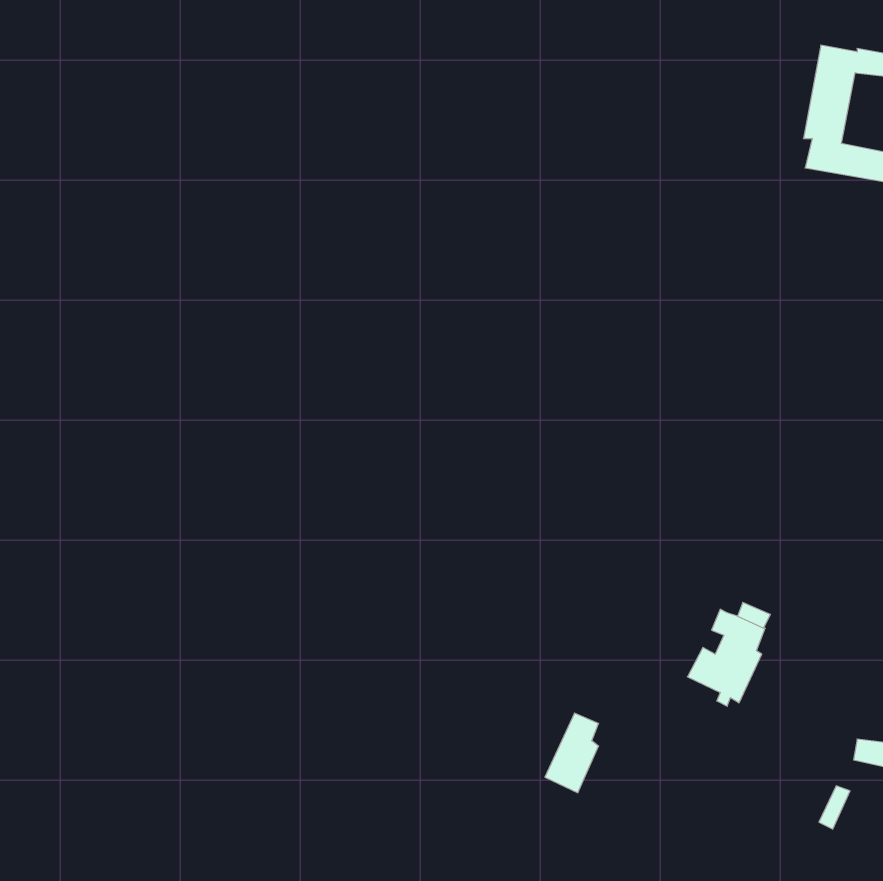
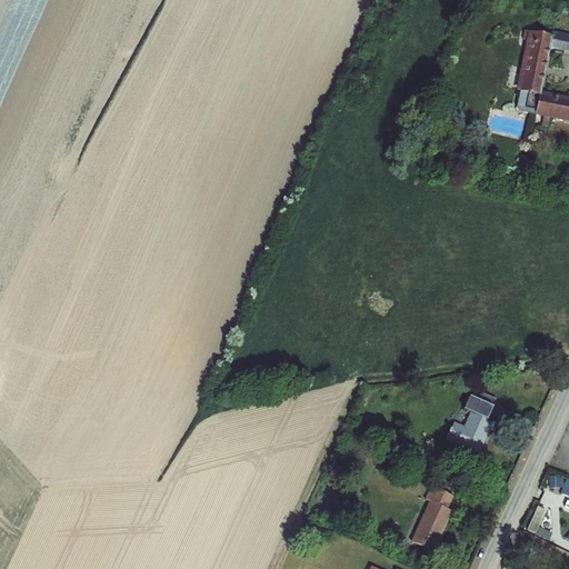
building: [545,713,599,793] -> [417,490,451,541]

